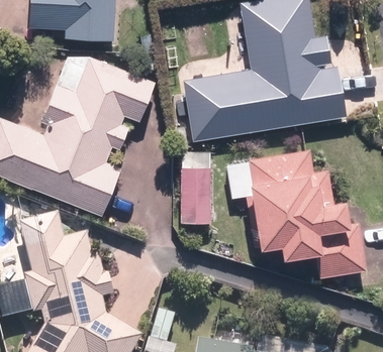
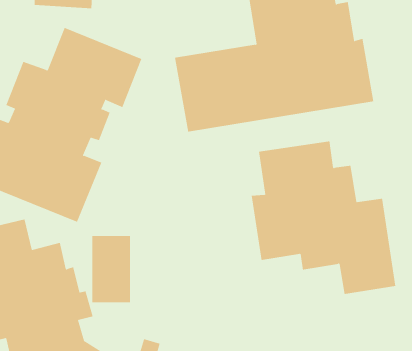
building: [179,165,211,221] -> [92,236,131,303]

